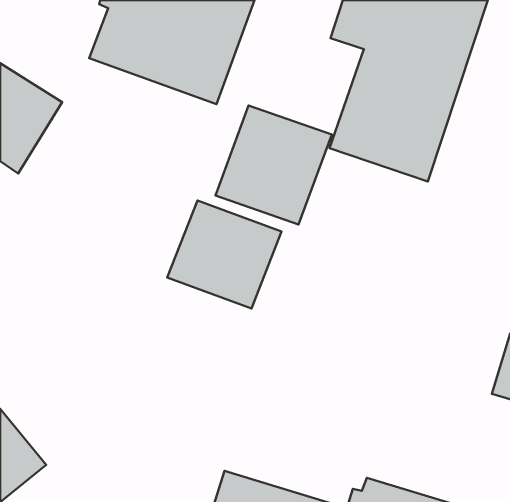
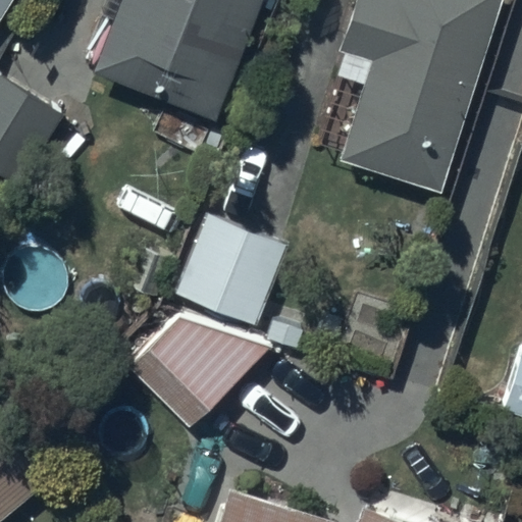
building: [215,106,332,224] -> none
building: none -> [128,315,270,427]

